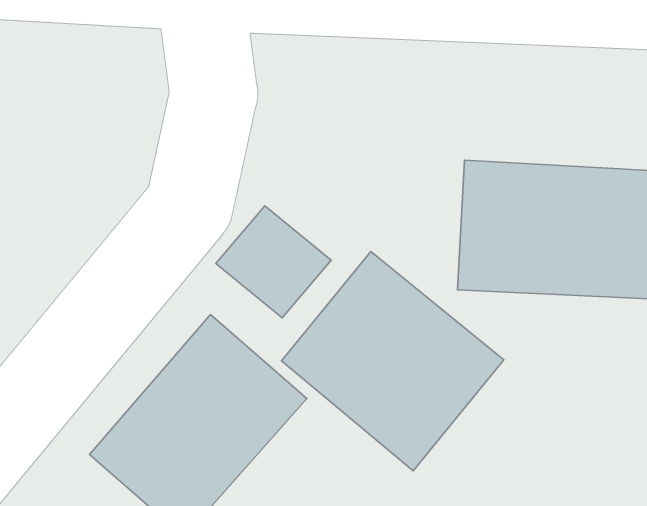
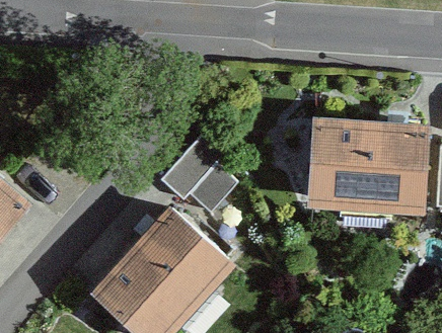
building: [282,251,504,471] -> none

